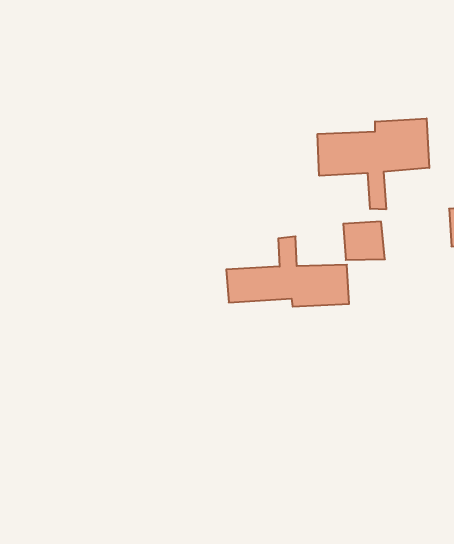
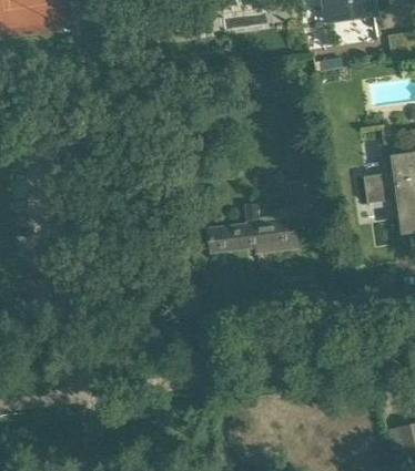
building: [318,118,429,209] -> none

